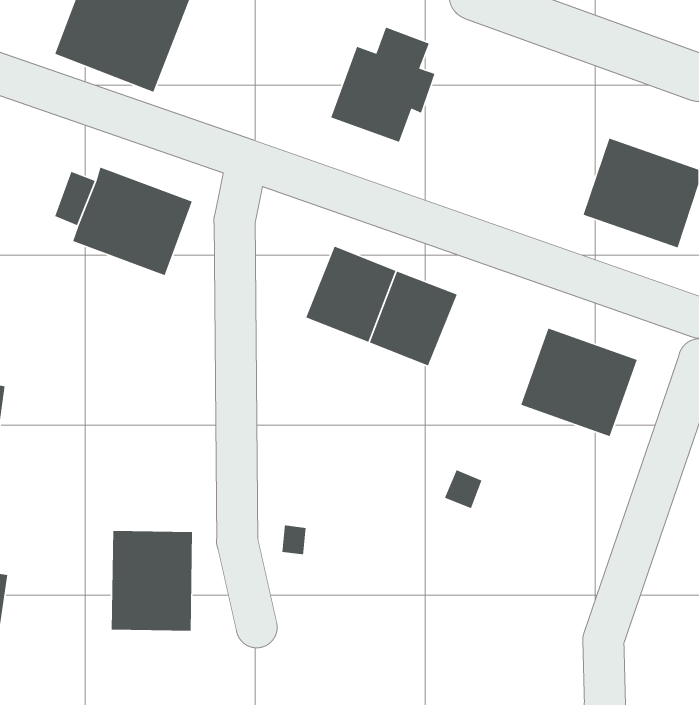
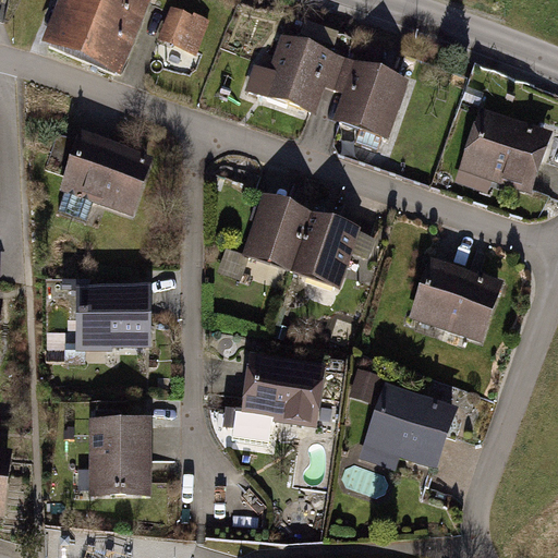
building: none -> [154,5,206,58]
building: none -> [331,53,408,138]
building: none -> [75,283,153,351]
building: none -> [238,351,327,423]
building: none -> [364,380,459,468]

